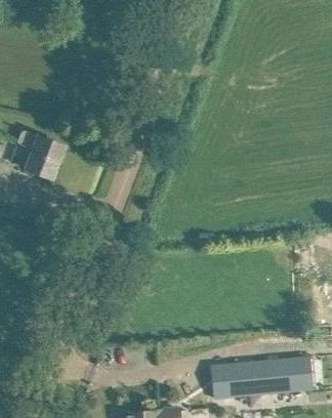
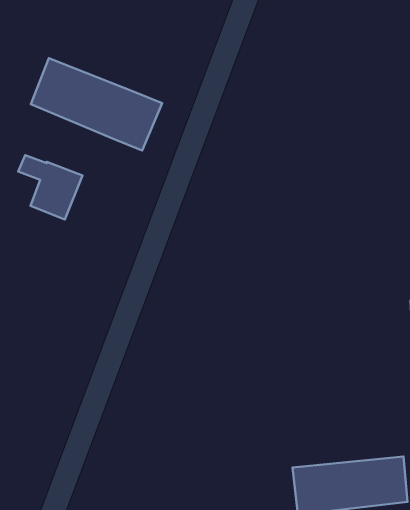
building: none -> [31,58,162,150]

